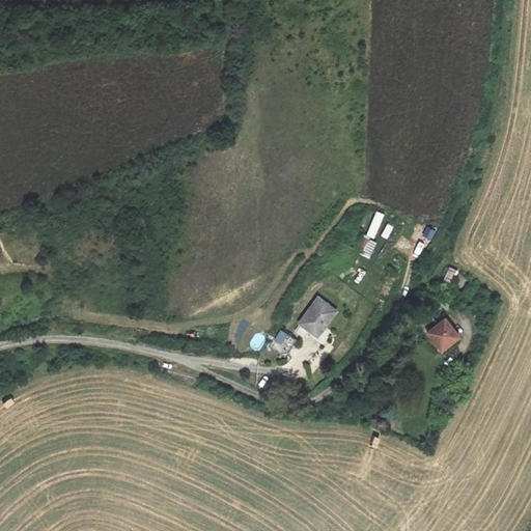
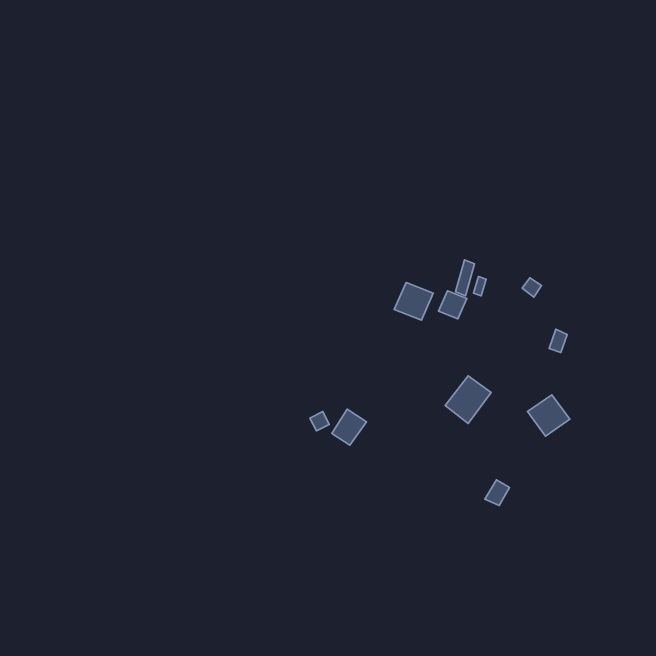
building: none -> [394,282,433,320]
building: [299,298,336,336] -> [445,376,491,423]

